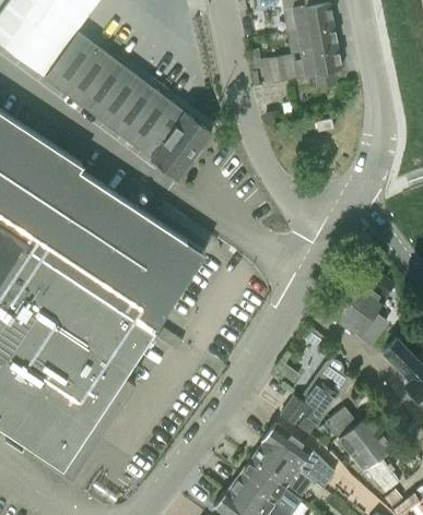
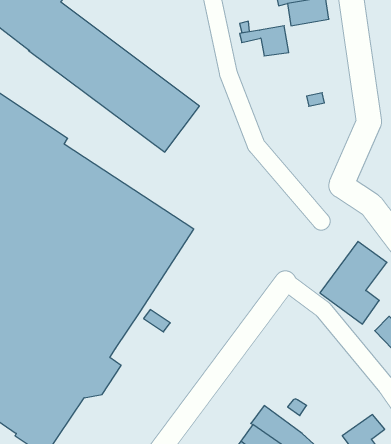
building: [301,48,342,87] -> none
building: [281,361,349,424] -> none
building: [326,408,380,455] -> none

